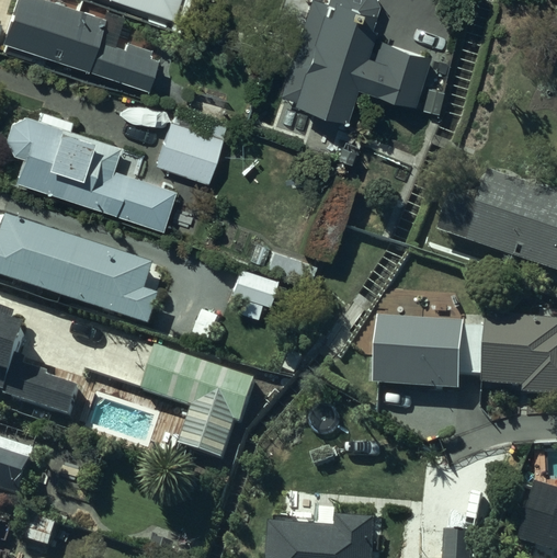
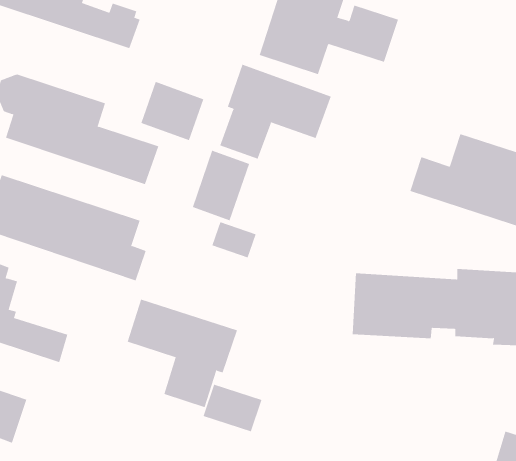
building: none -> [219,64,332,160]
building: none -> [192,150,250,221]
building: none -> [203,384,262,432]

